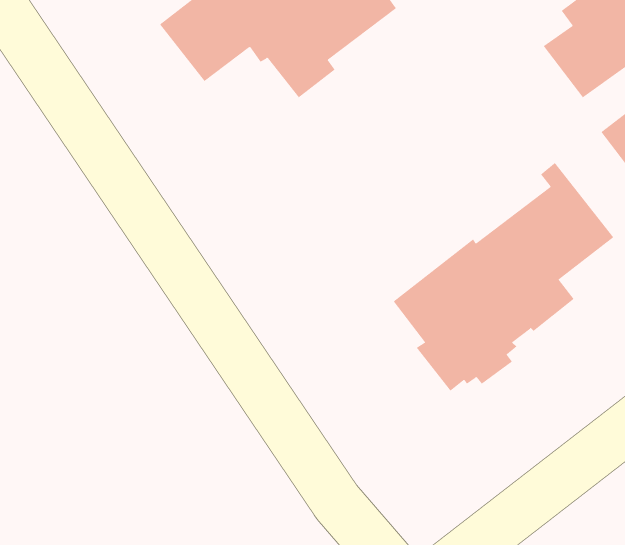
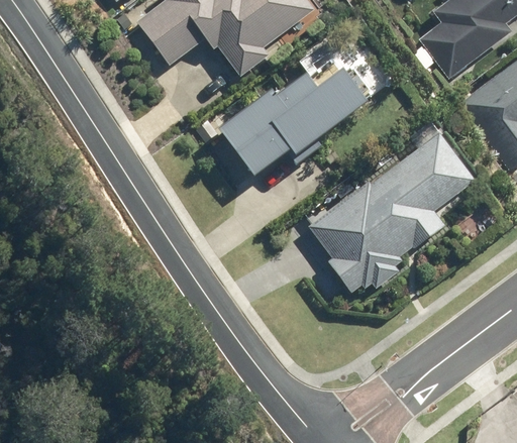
building: none -> [199,71,361,177]

